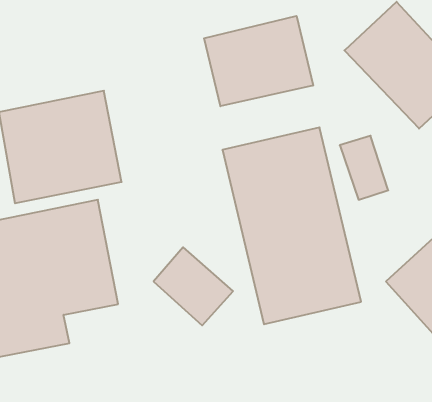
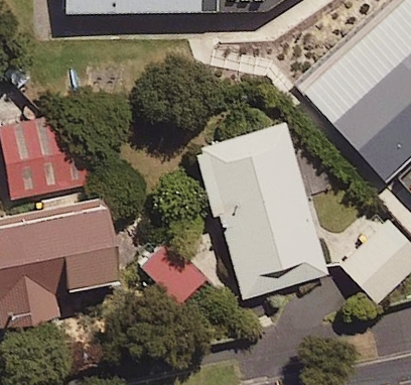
building: [204,16,313,106] -> none

